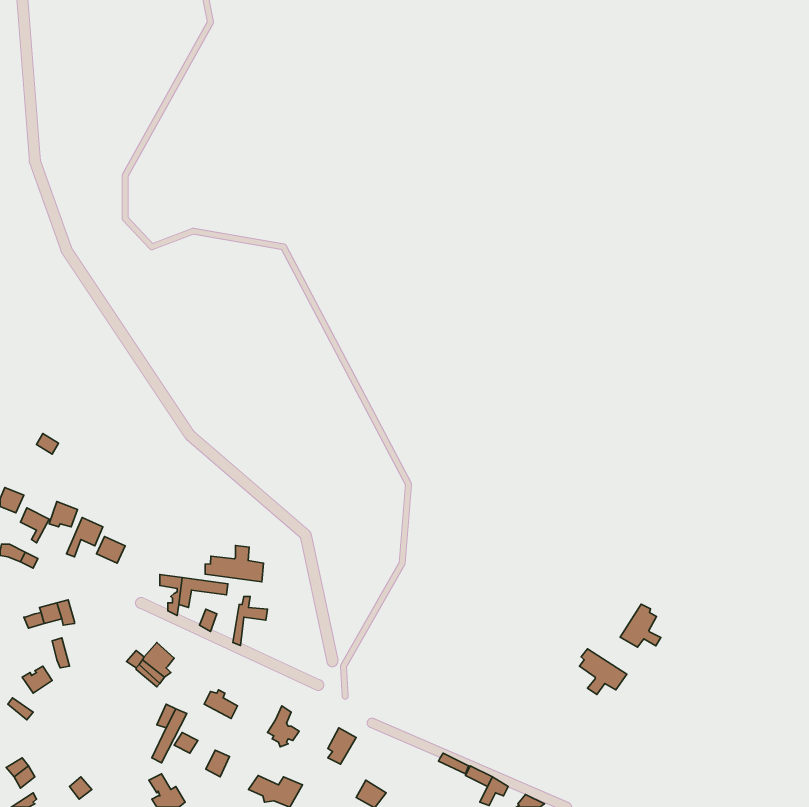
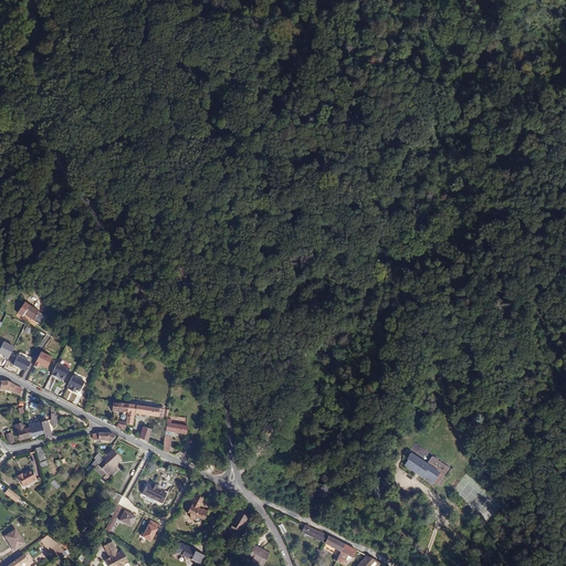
building: [205,545,264,582] -> none
building: [620,604,661,647] -> none

